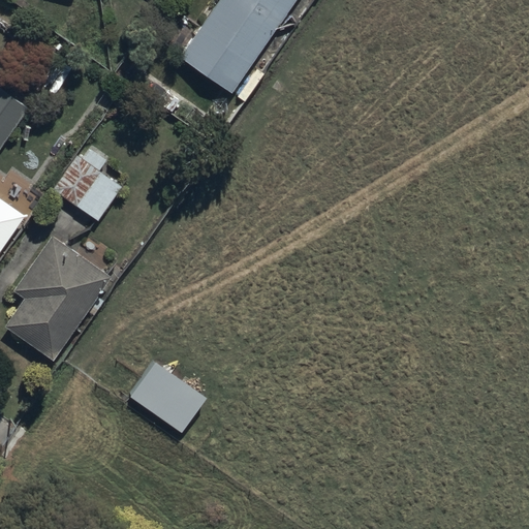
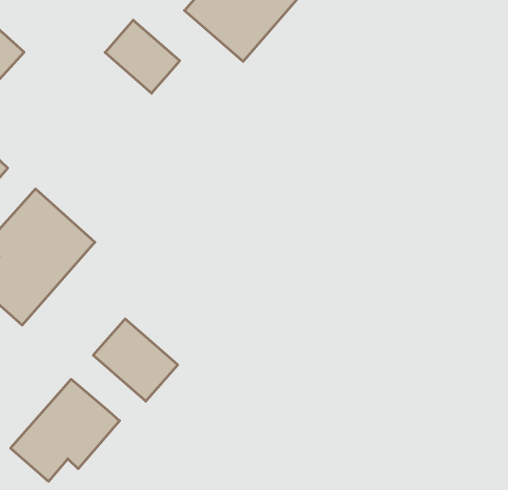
building: [52,156,122,222] -> [105,20,180,93]
building: none -> [11,379,120,481]

